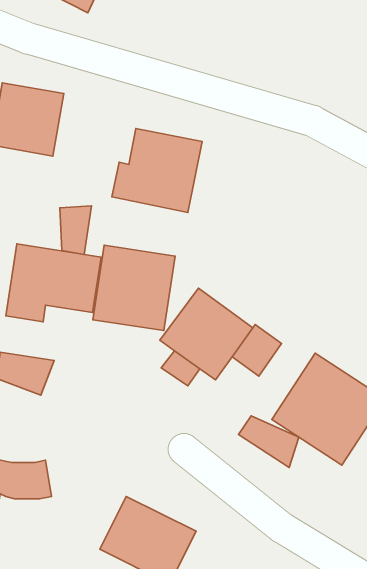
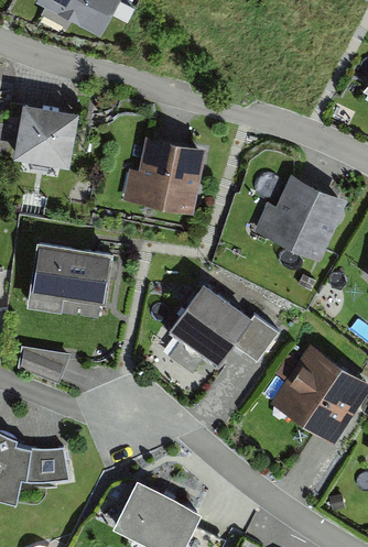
building: none -> [253,172,347,260]
building: [60,206,92,254] -> none
building: [93,245,175,330] -> none
building: [238,416,299,468] -> none

